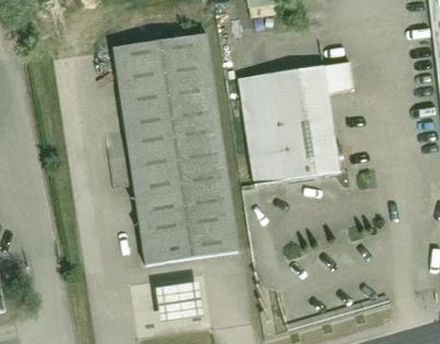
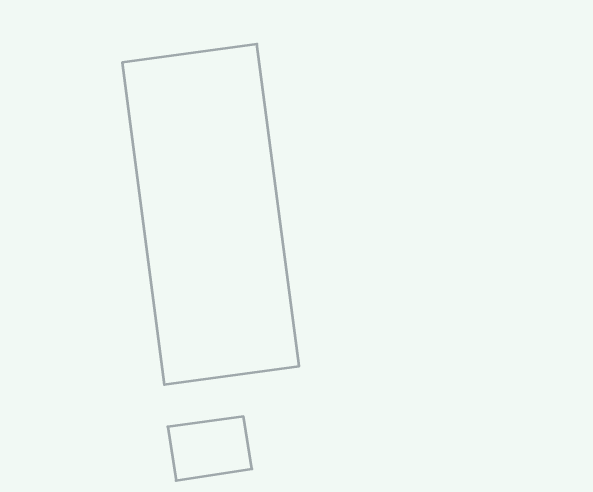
building: [244,66,354,180] -> none

